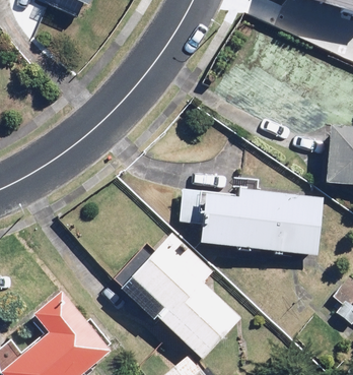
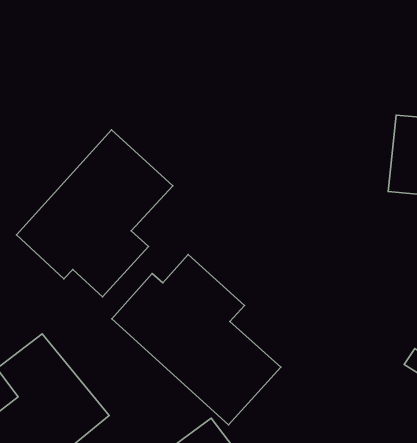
building: none -> [16,130,173,297]
building: [176,187,321,255] -> none

